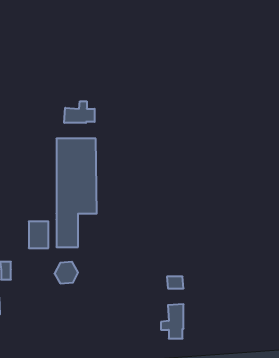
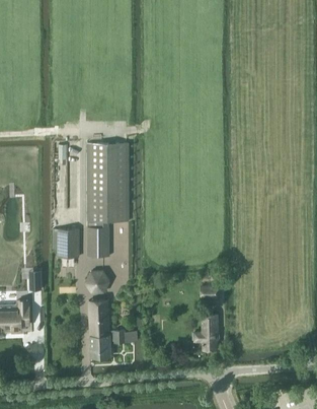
building: [64,101,95,123] -> none
building: none -> [89,300,137,357]

